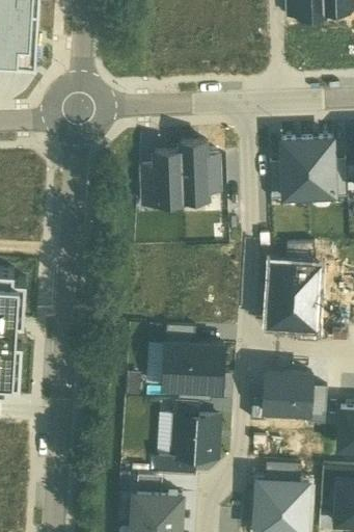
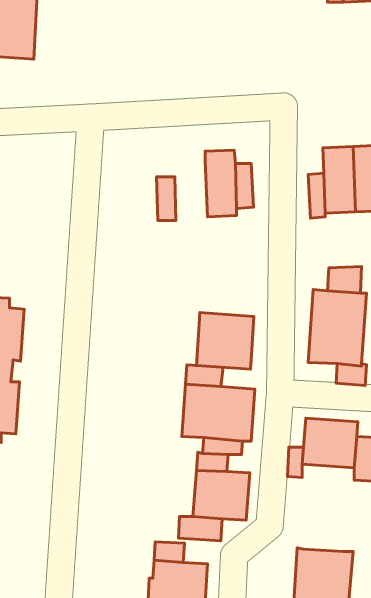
building: [153,154,182,205] -> none
building: none -> [196,313,254,369]
building: [264,467,299,488] -> none

